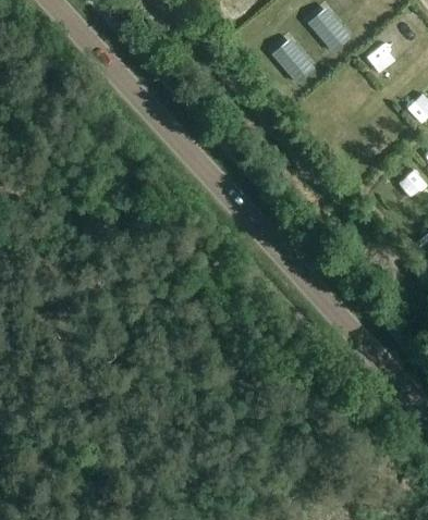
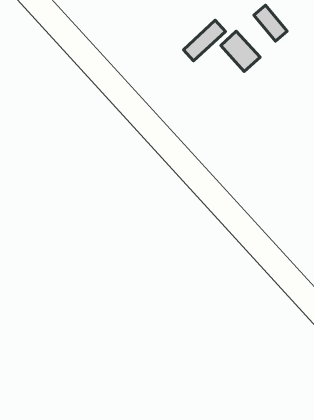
building: none -> [183,20,225,61]

